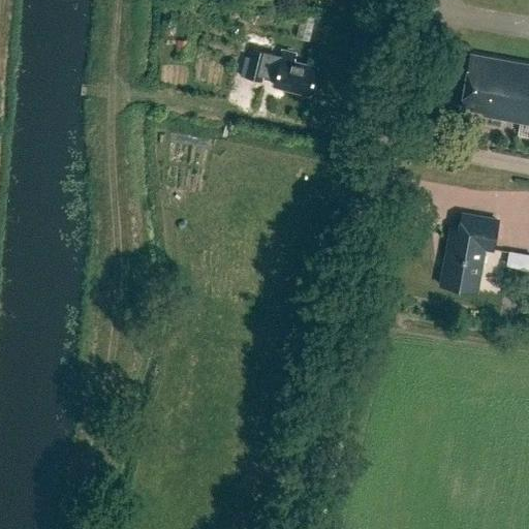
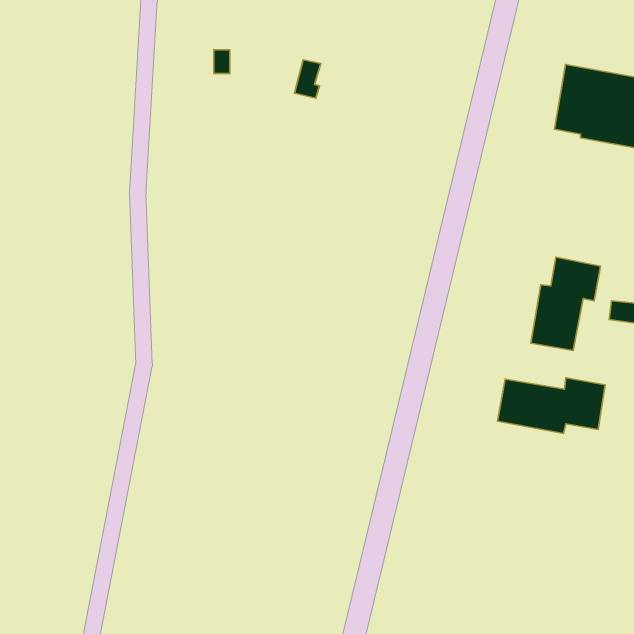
building: [275,51,317,95] -> none
building: none -> [497,378,605,433]

